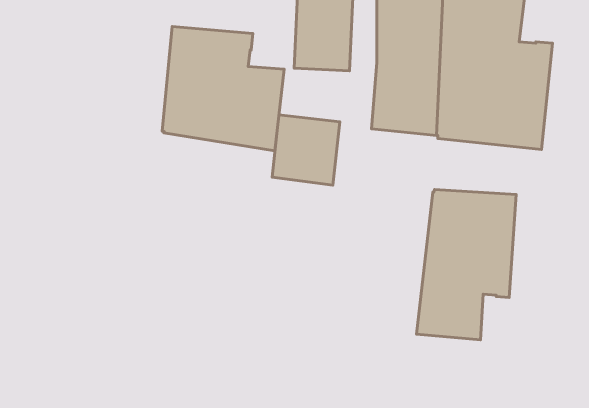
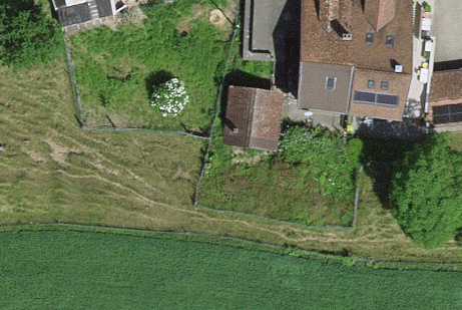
building: [162,27,284,151] -> none
building: [416,190,516,340] -> none

